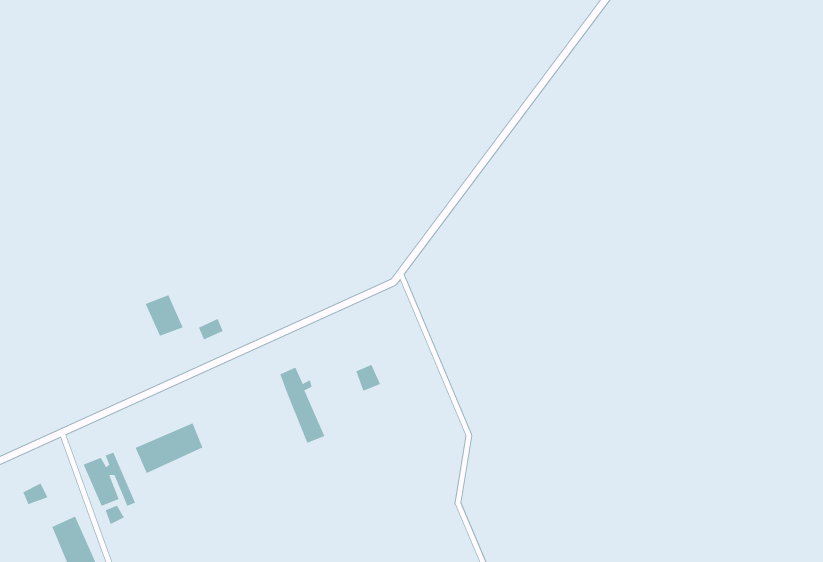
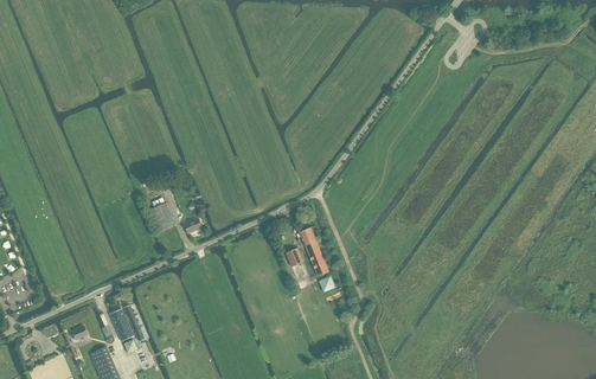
building: [280,367,325,444] -> [300,226,329,276]
building: [135,423,203,474] -> none

